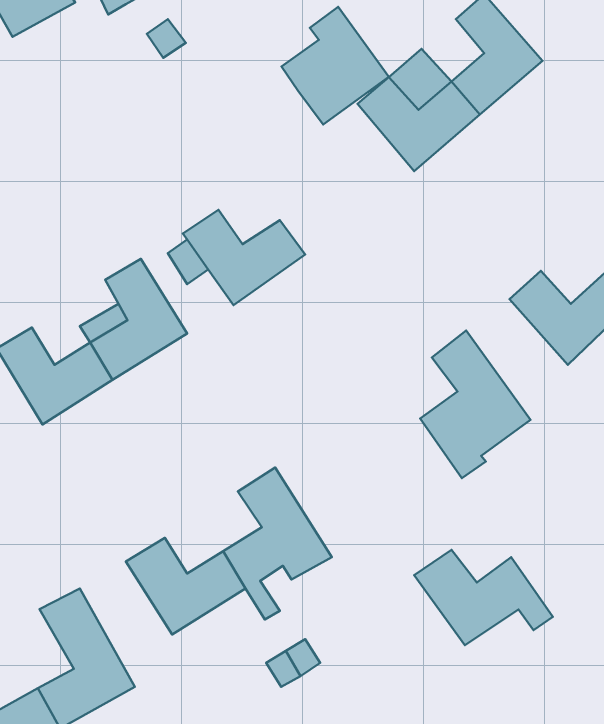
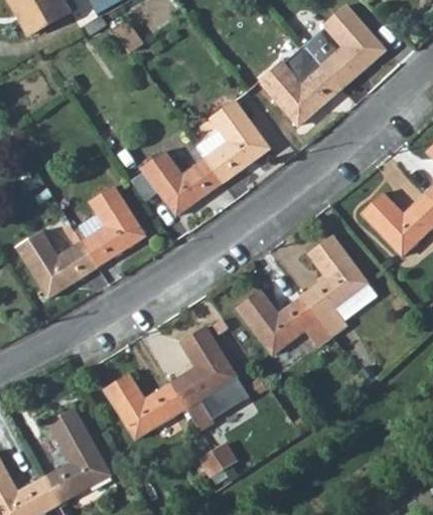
building: [281,7,389,125] -> [196,104,269,183]
building: none -> [303,24,345,66]
building: [414,550,553,645] -> [237,289,330,353]

